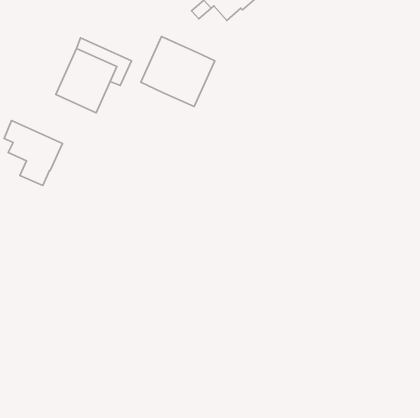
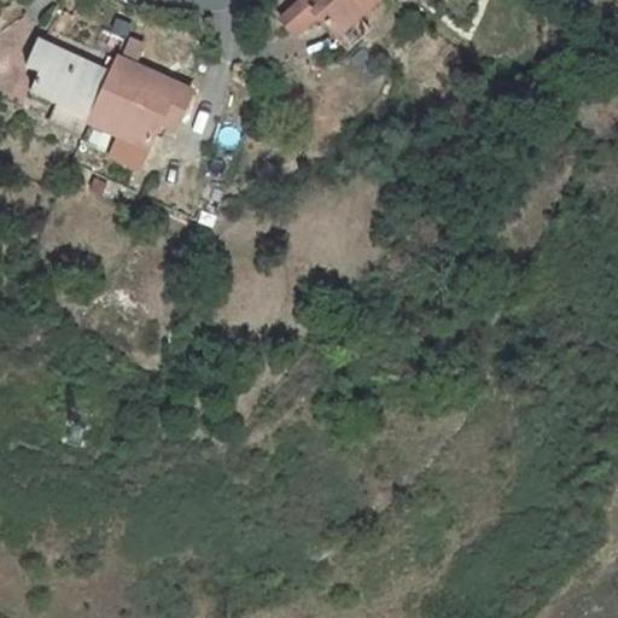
building: [141,36,215,107] -> none
building: [4,120,63,185] -> [27,37,112,133]

